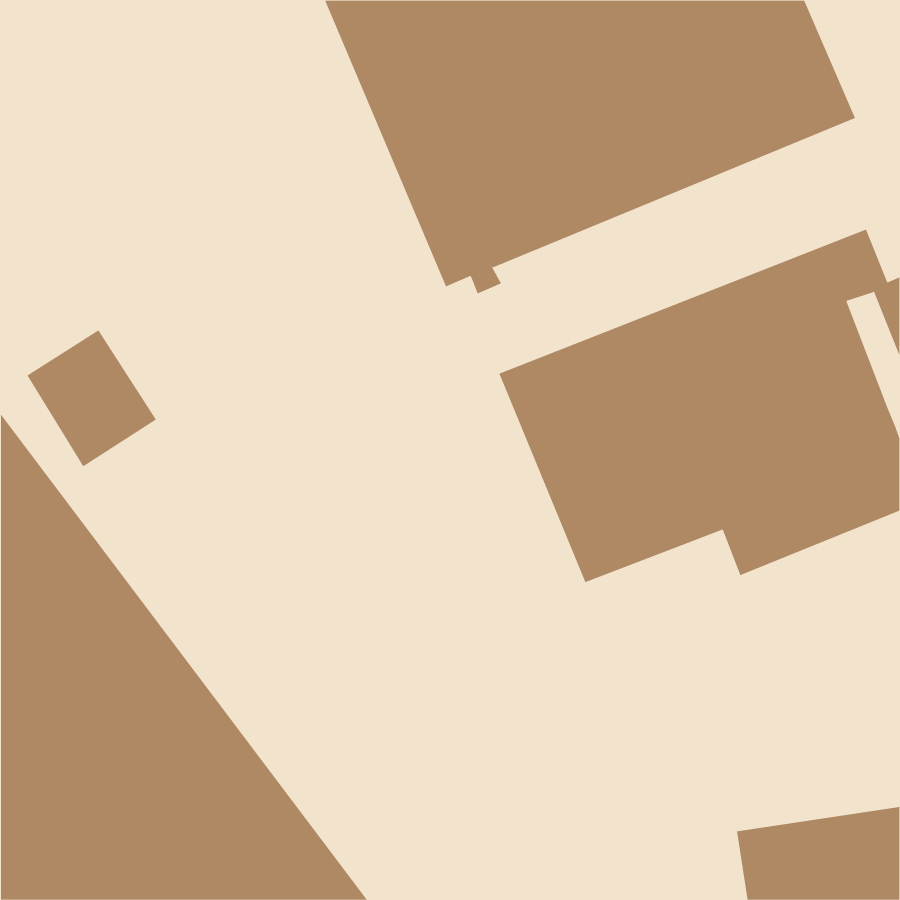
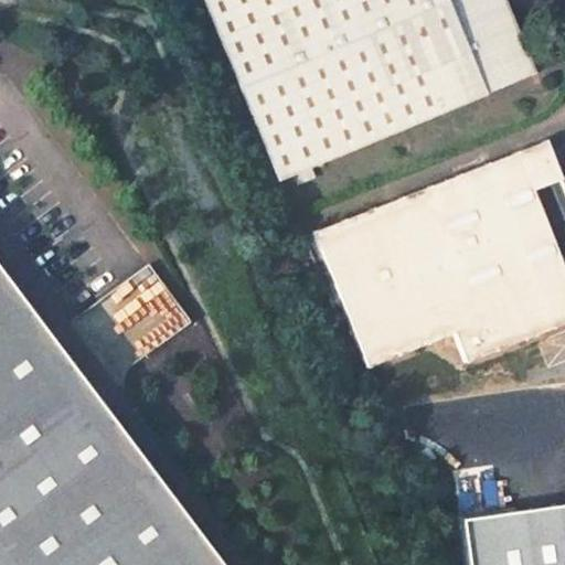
building: [27,330,157,467] -> [103,270,184,356]

